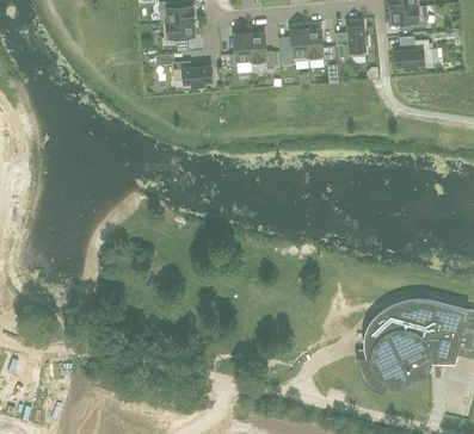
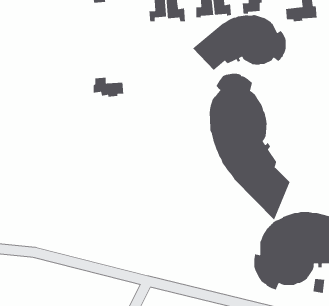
building: none -> [192,14,287,71]
building: [173,60,211,85] -> [93,77,124,98]
building: none -> [209,73,291,221]

